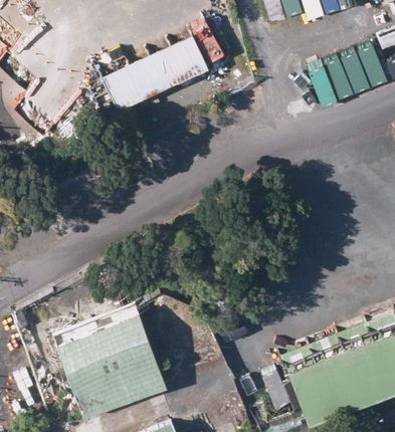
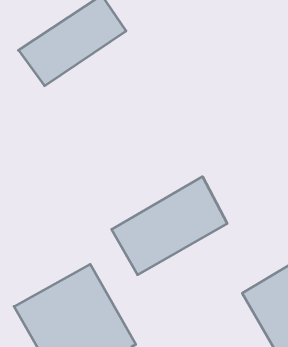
building: none -> [112,177,227,275]

